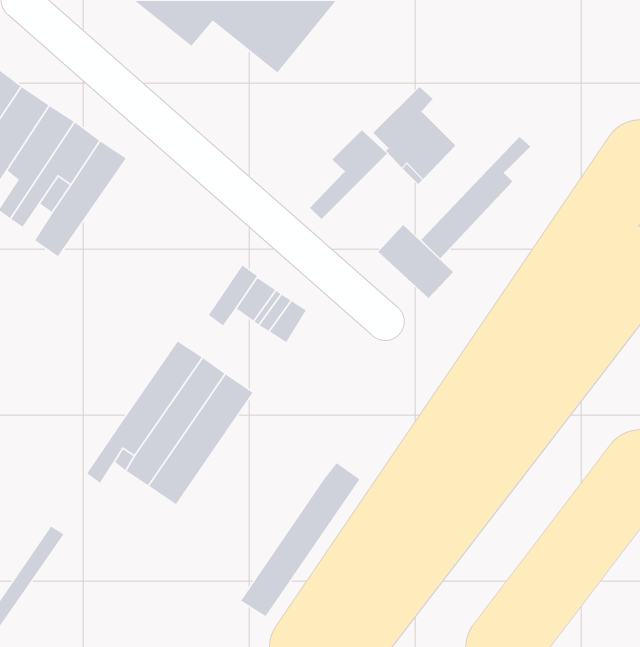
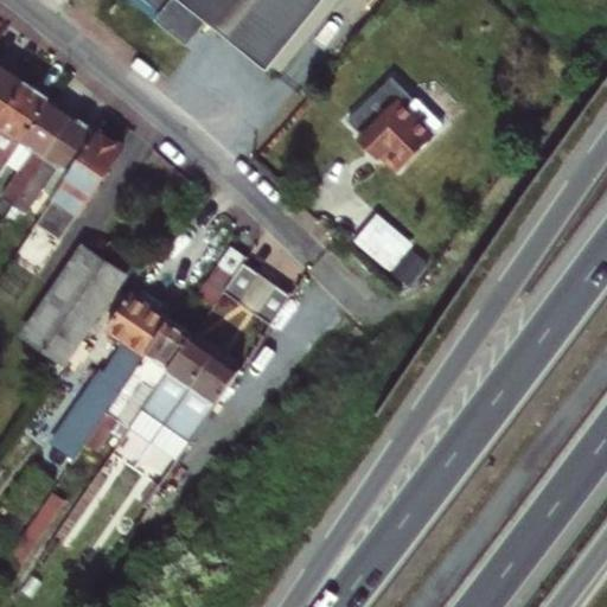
building: [309,130,388,220] -> none
building: [421,136,531,259] -> none
building: none -> [21,241,138,368]
building: none -> [53,292,166,449]
building: [240,462,361,617] -> none

